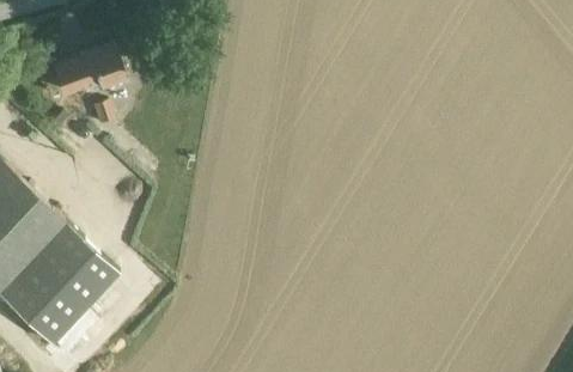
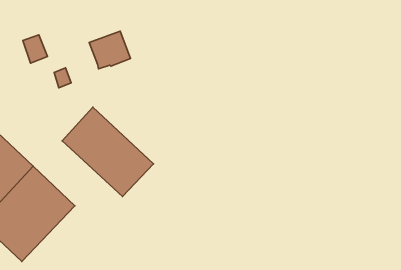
building: [73,43,126,91] -> [89,31,131,69]
building: none -> [62,107,153,197]

